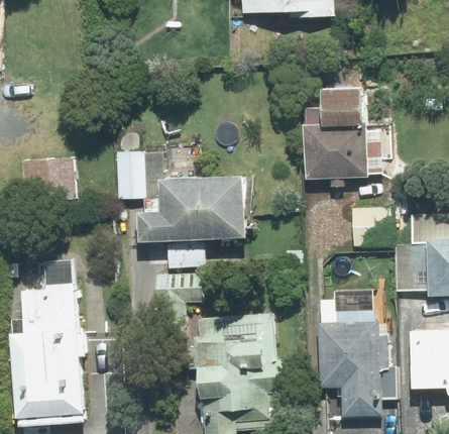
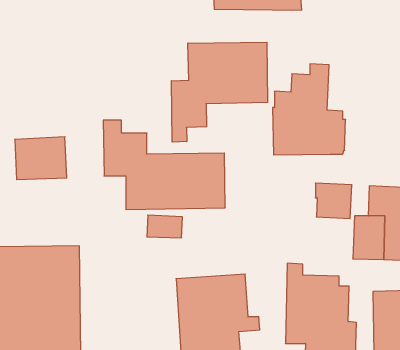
building: none -> [171,42,268,142]

